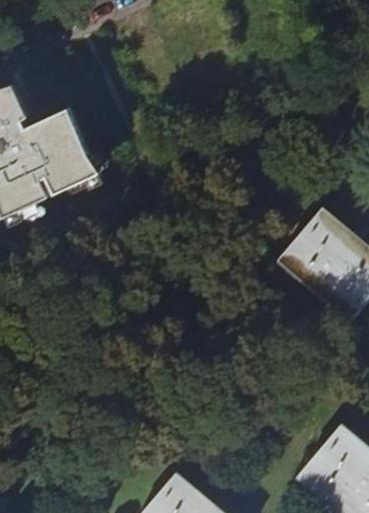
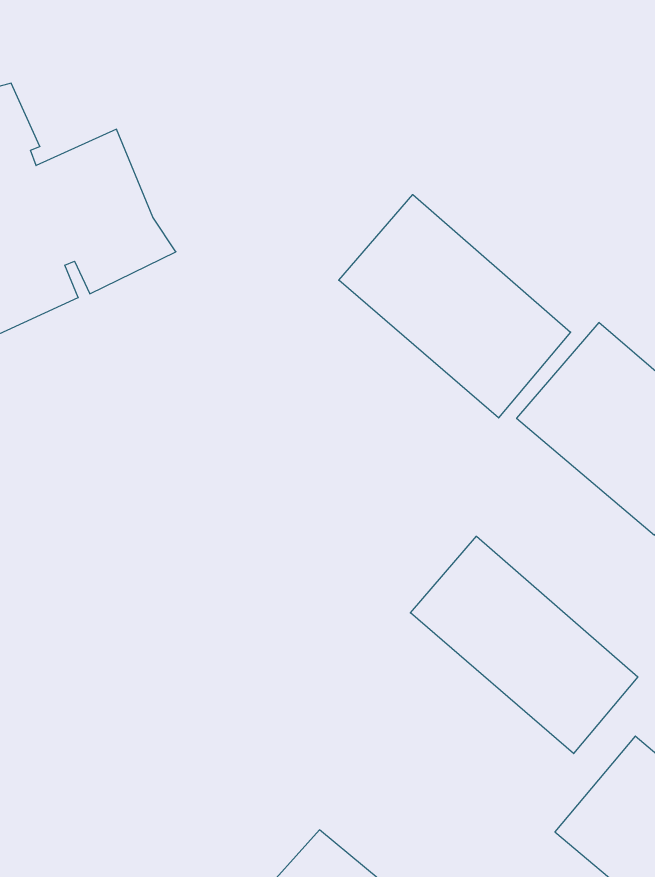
building: none -> [339,195,571,418]
building: none -> [410,536,638,754]

